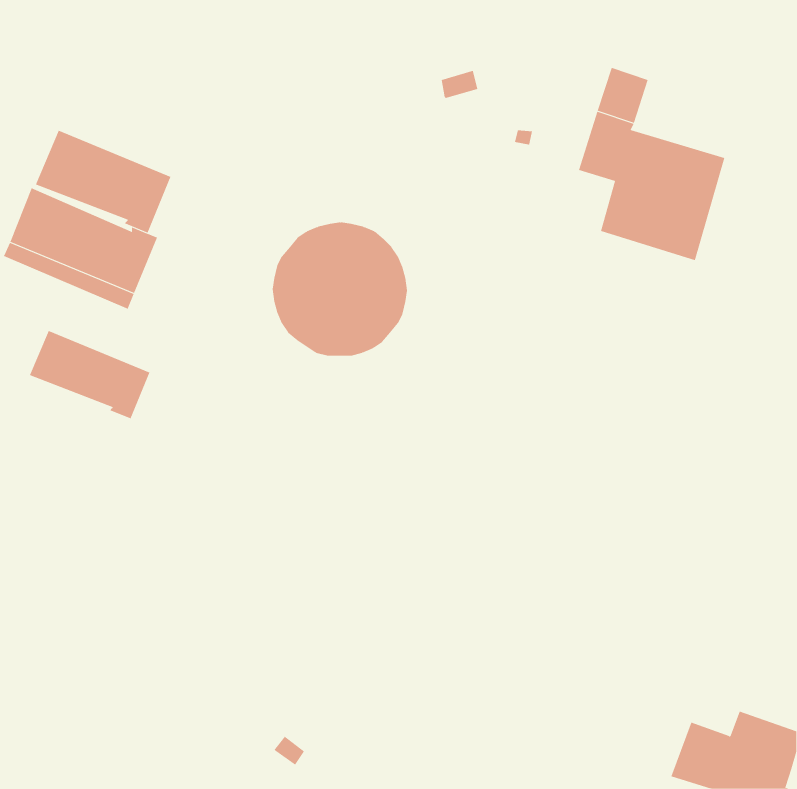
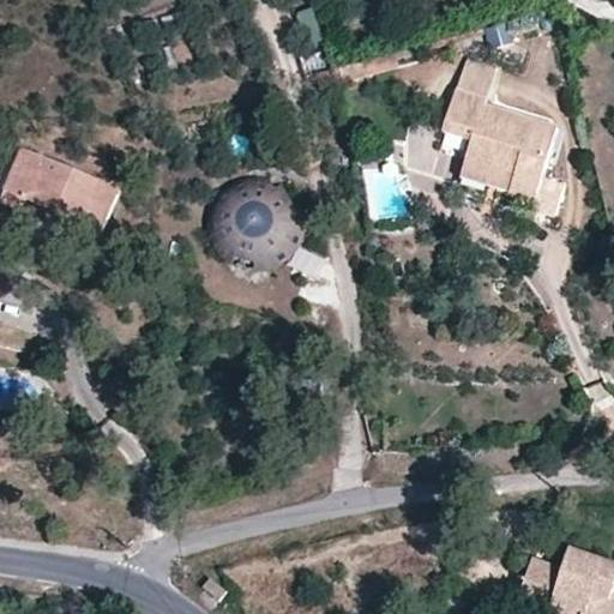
building: [35,130,171,233] -> none
building: [29,330,150,419] -> none

